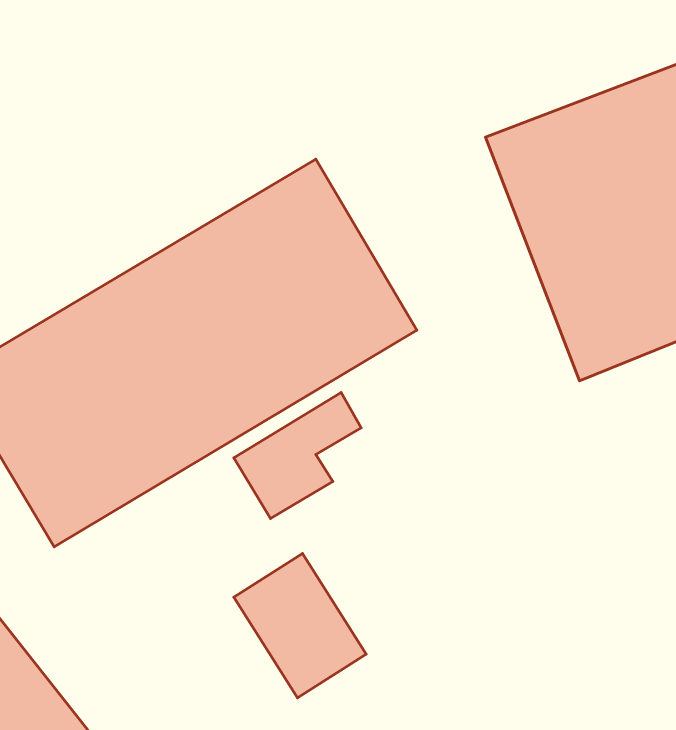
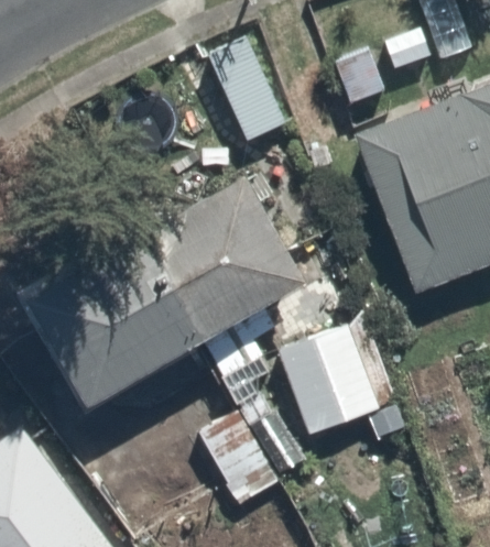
building: none -> [271,318,401,444]

